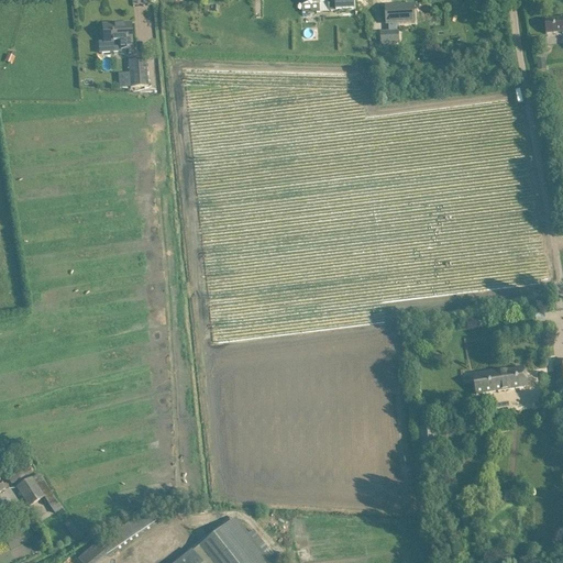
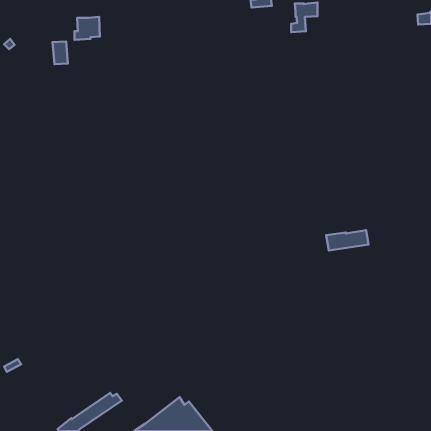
building: [126,57,146,87] -> [53,41,68,64]
building: [471,366,526,393] -> [326,230,369,250]
building: [14,472,60,512] -> none

